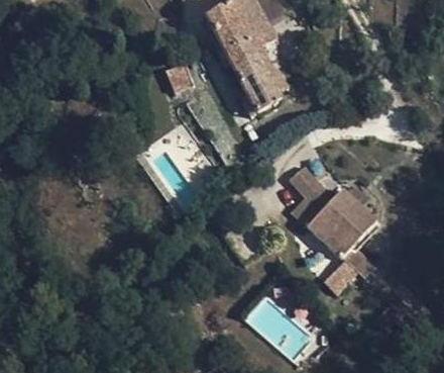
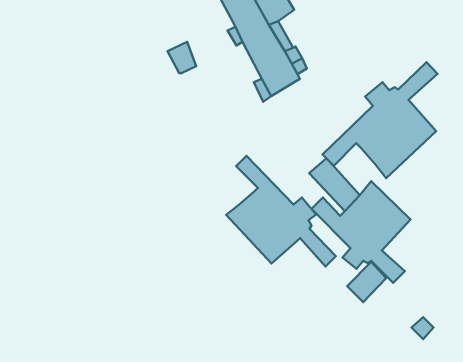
building: none -> [323,62,438,178]
building: none -> [226,156,336,266]

